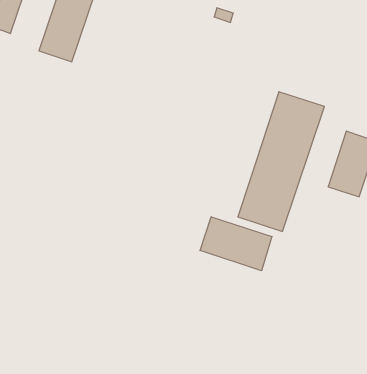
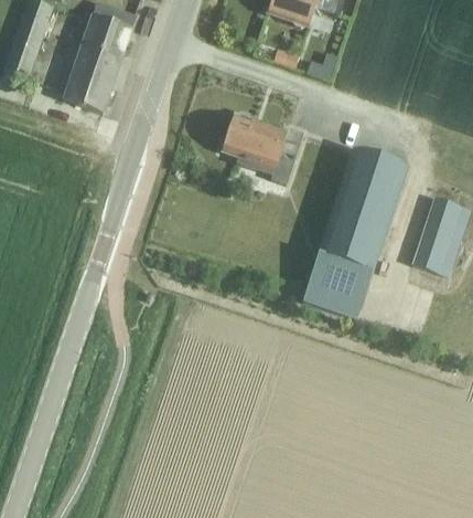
building: none -> [221,112,303,183]
building: [200,217,272,271] -> none

